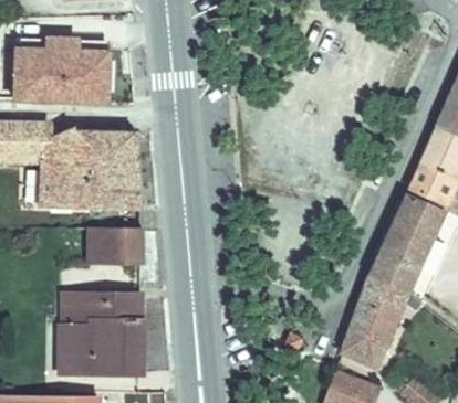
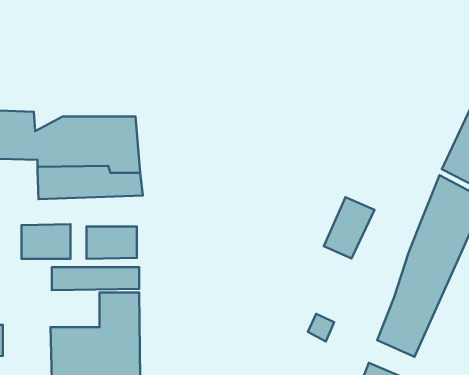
building: [11,42,100,93] -> none
building: none -> [324,197,374,259]
building: [53,291,98,324] -> [21,224,70,259]

